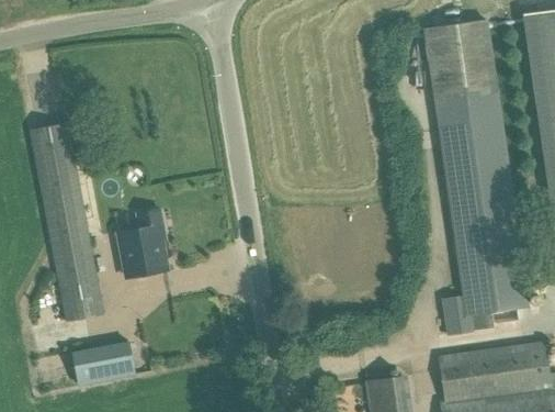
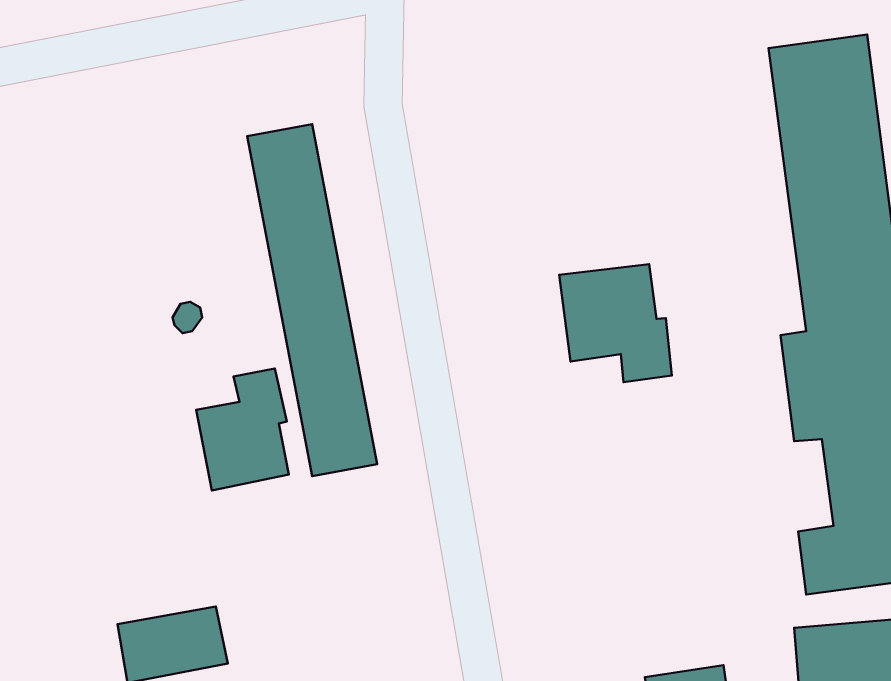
building: [29,123,101,320] -> [247,124,377,476]
building: none -> [559,264,672,382]

